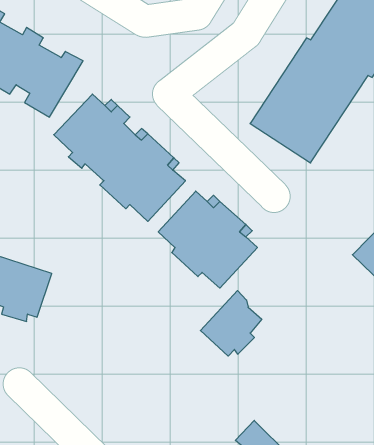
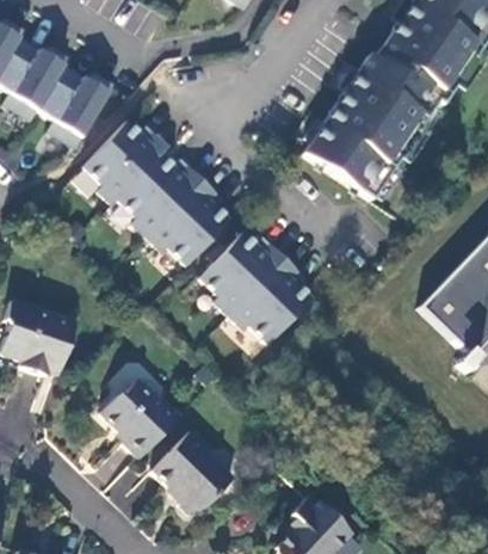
building: [200,291,262,356] -> none
building: none -> [98,383,175,458]
building: none -> [150,430,229,512]

